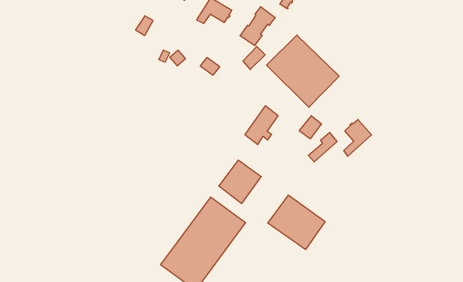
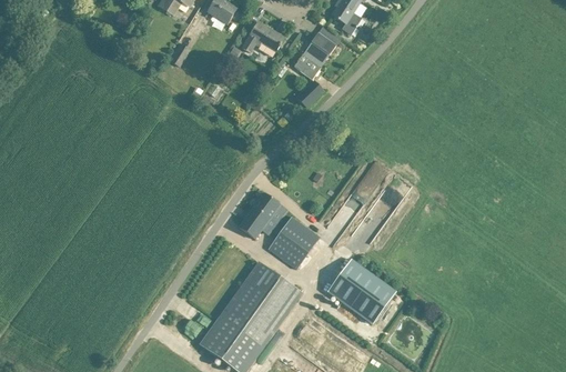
building: [267,35,339,107] -> none
building: [245,106,278,145] -> [239,192,279,239]
building: [344,119,372,156] -> none

